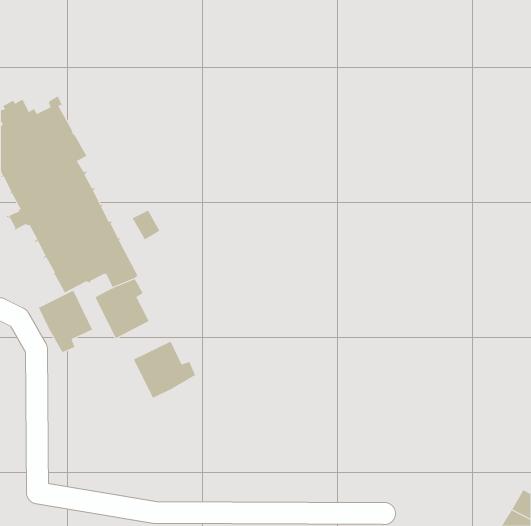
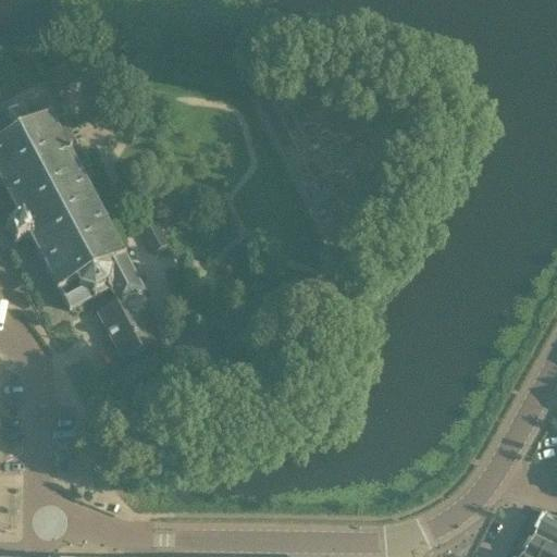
building: [38,290,93,353] -> none
building: [133,341,196,399] -> none

